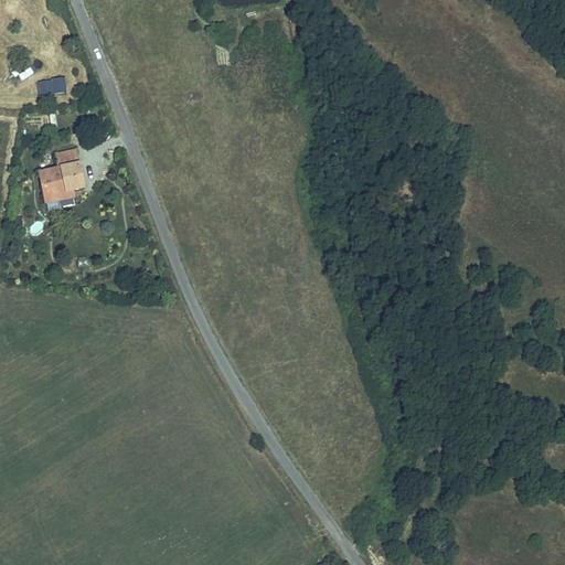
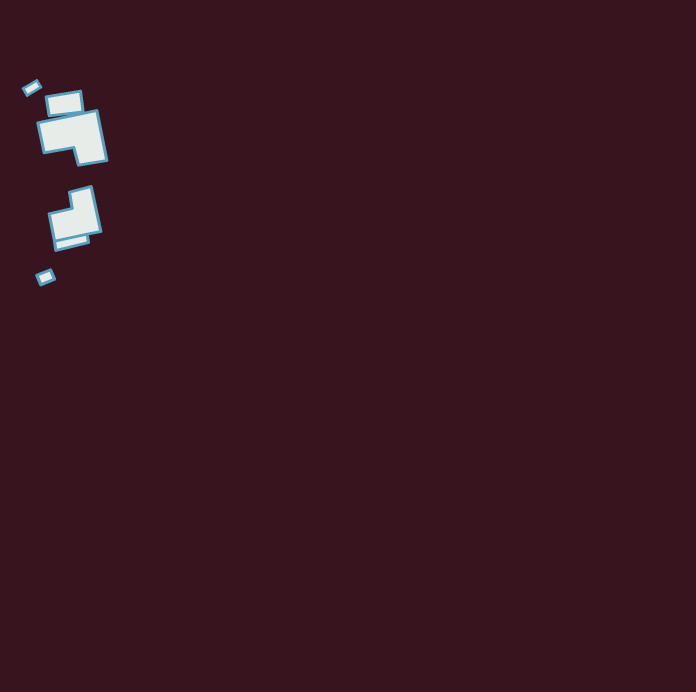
building: none -> [38,111,107,165]

